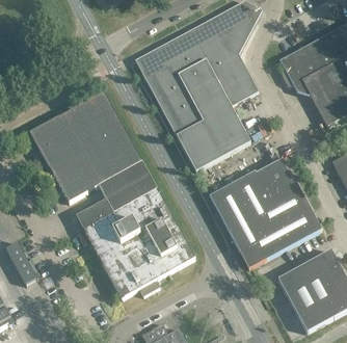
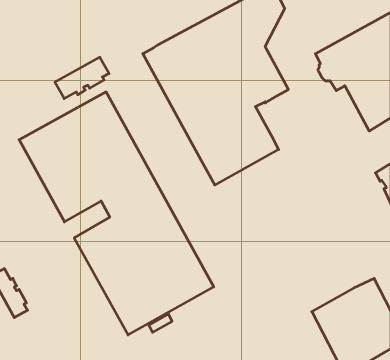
building: none -> [55,57,109,99]
building: [208,155,321,268] -> none

